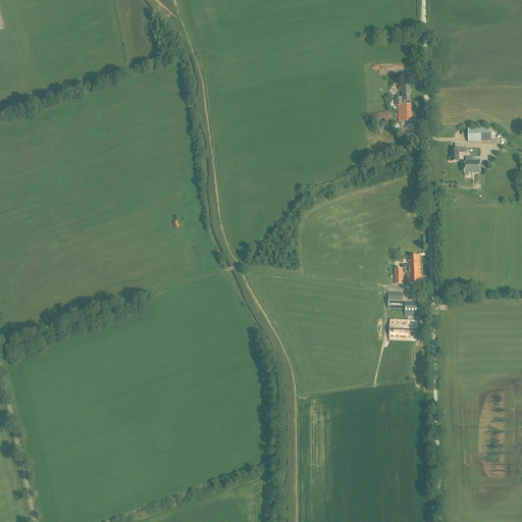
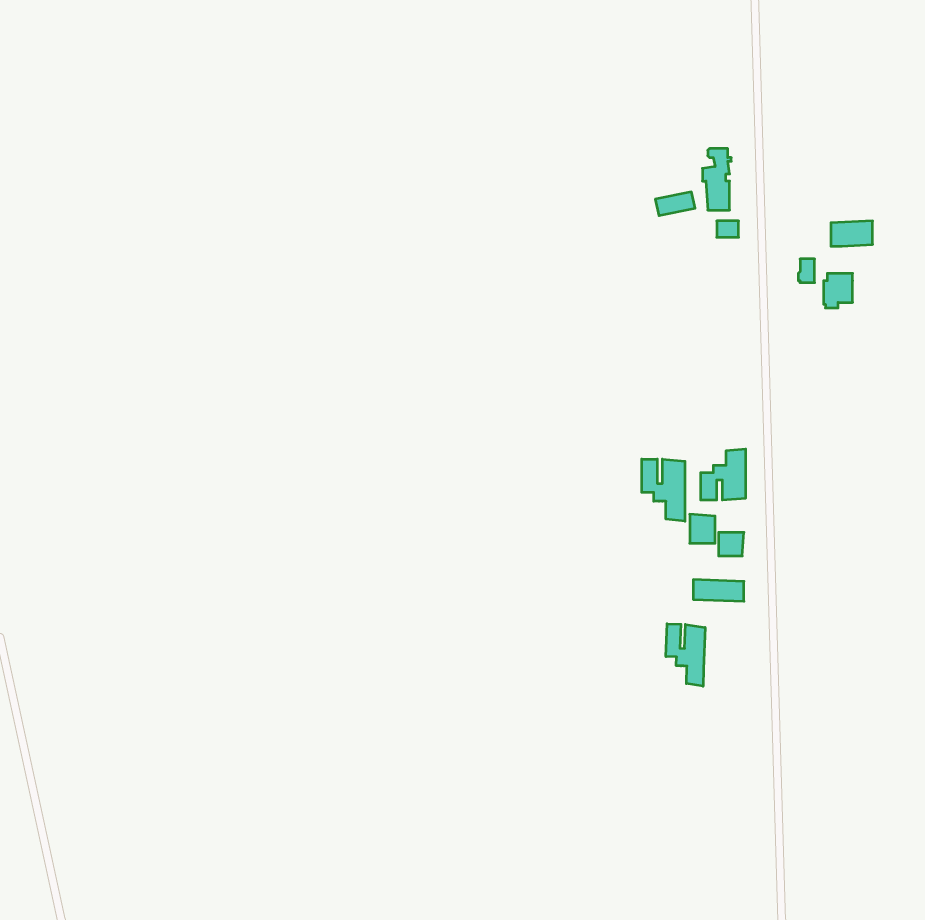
building: none -> [642,459,685,521]
building: none -> [666,624,705,686]

